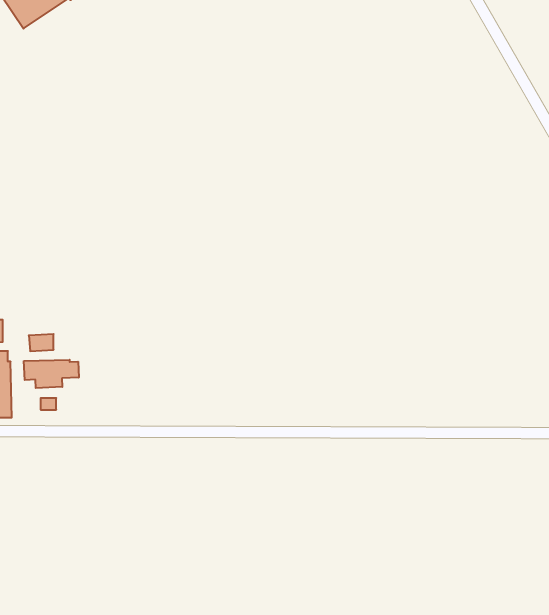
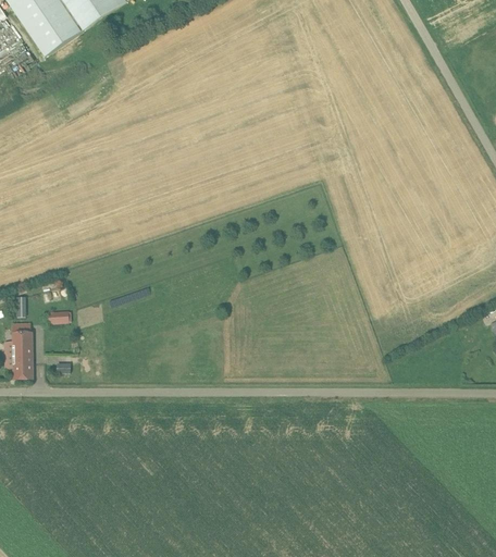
building: [24,360,79,388] -> none

